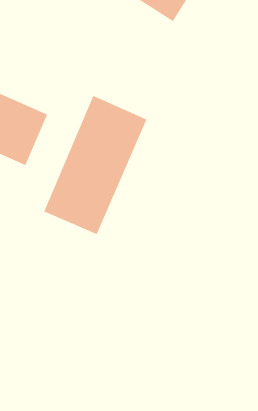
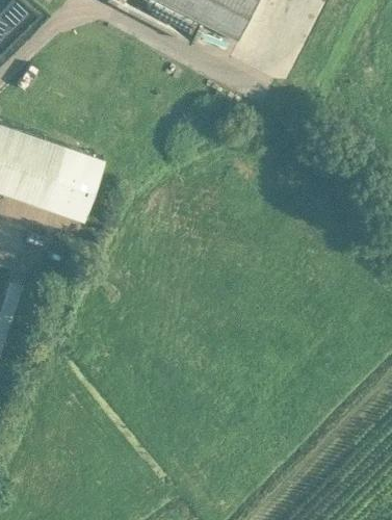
building: [43,95,148,235] -> none

